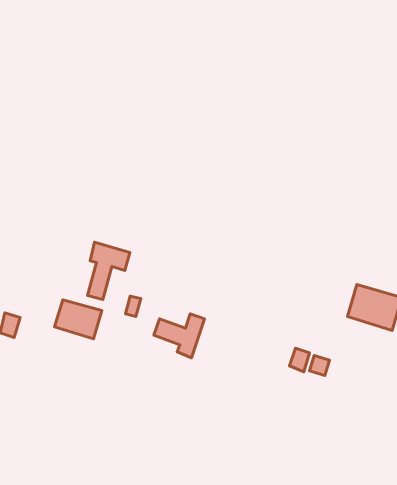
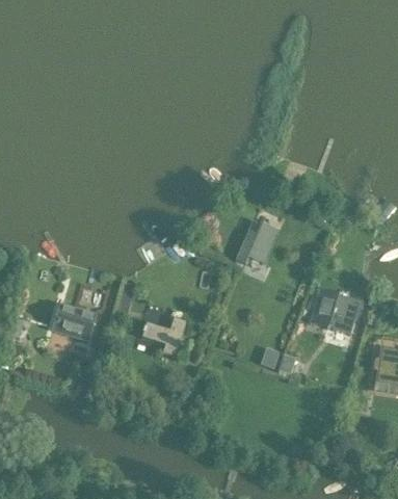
building: none -> [235,221,277,262]
building: [88,242,130,300] -> none

